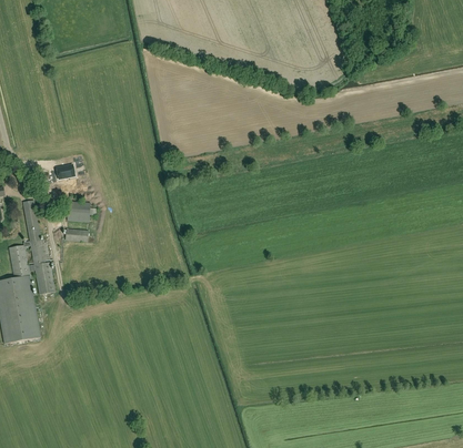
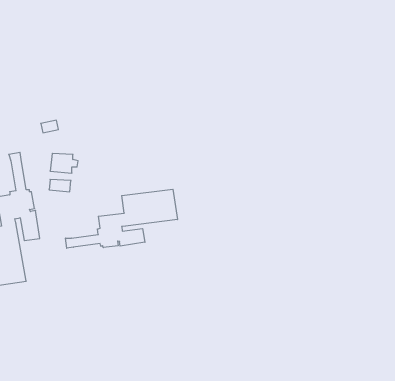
building: none -> [66,189,177,248]

